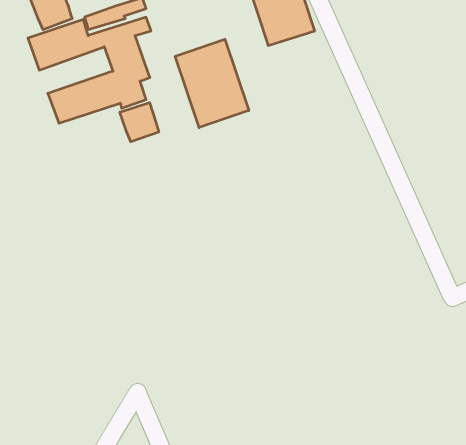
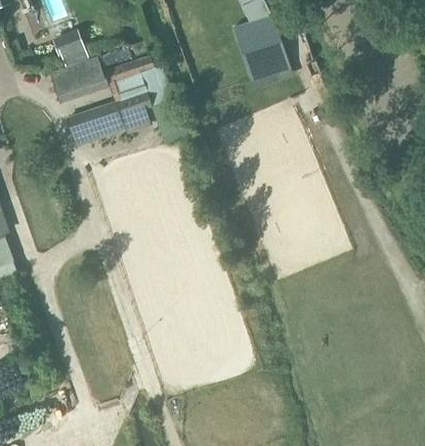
building: [175,39,249,128] -> none
building: [120,103,159,142] -> none

